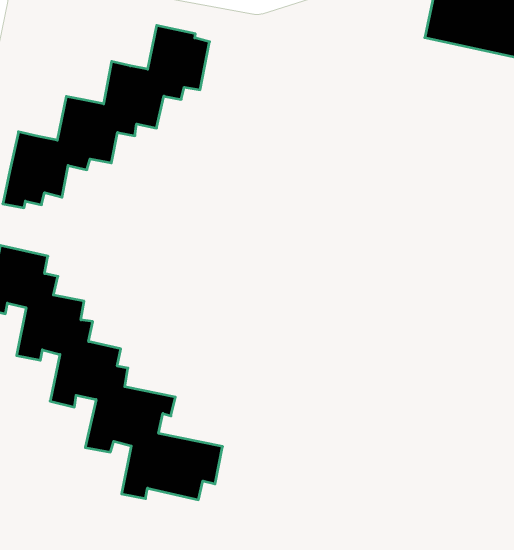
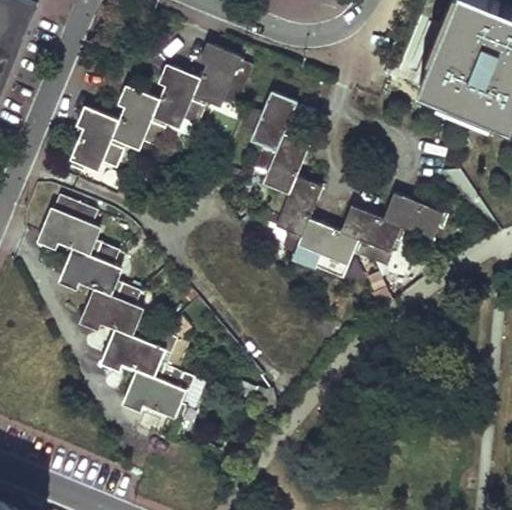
building: none -> [241,92,448,277]

